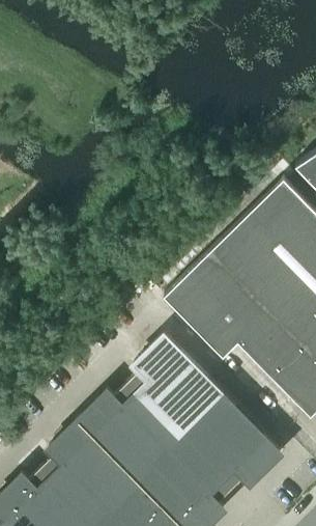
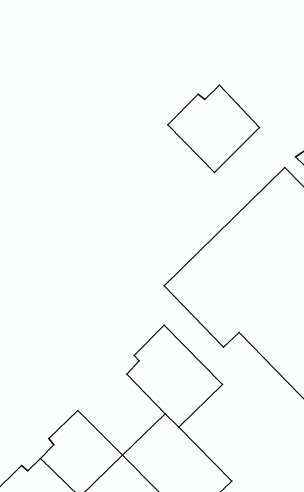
building: none -> [168,85,260,172]
building: [76,385,165,466] -> none
building: [178,395,280,492] -> none

